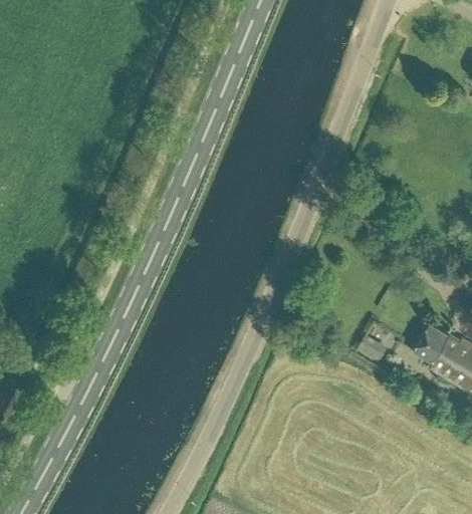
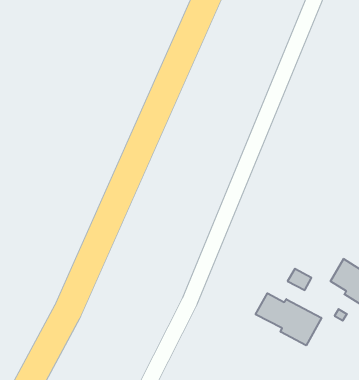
building: none -> [256,293,321,345]

